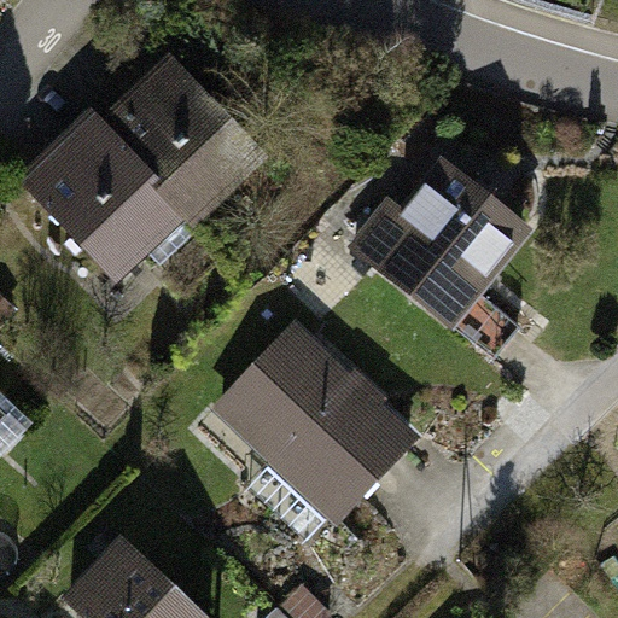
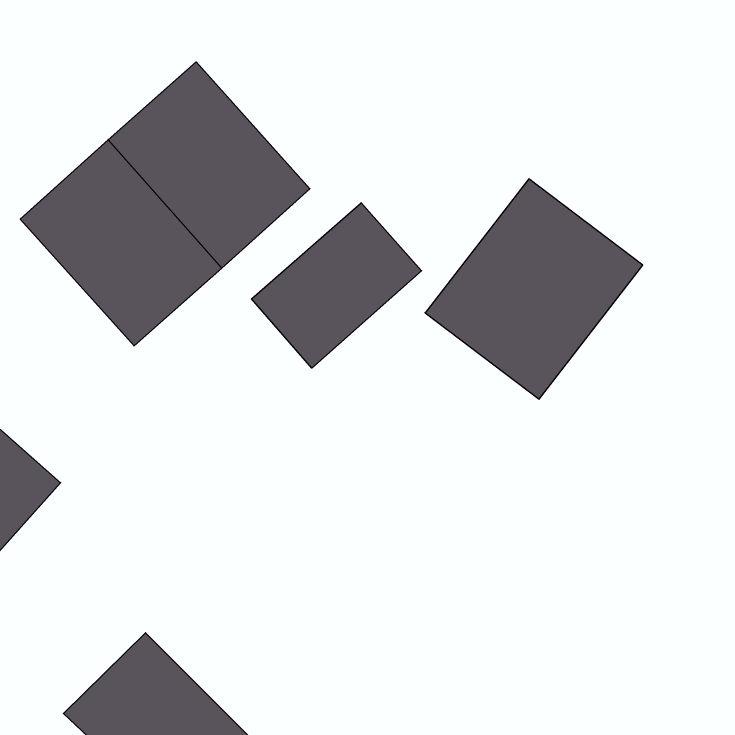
building: none -> [252,203,422,368]
building: [210,320,416,523] -> none

